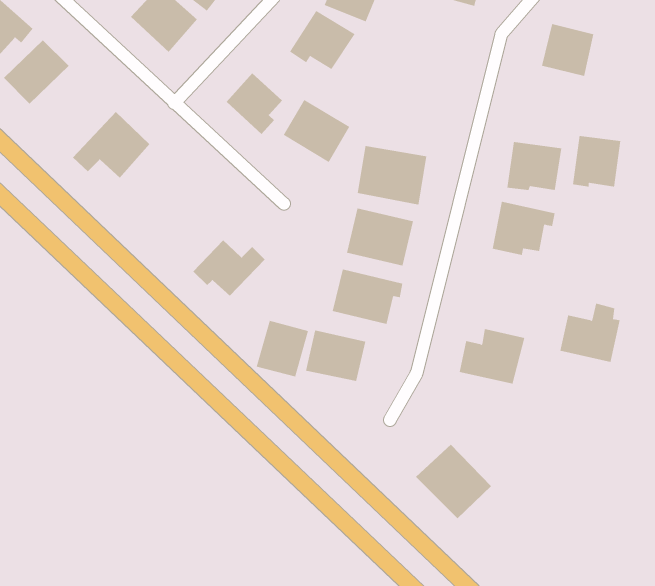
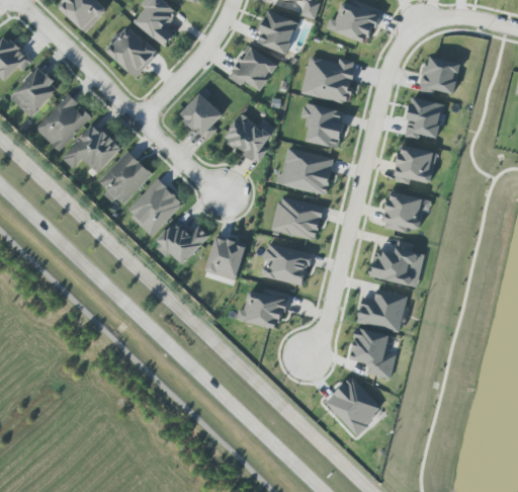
building: none -> [303,56,355,101]
building: none -> [35,92,91,150]
building: none -> [301,101,344,147]
building: [572,135,621,187] -> [406,97,443,137]
building: none -> [98,149,152,206]
building: none -> [126,178,182,235]
building: [560,303,621,363] -> [370,239,417,284]
building: [256,320,309,377] -> [205,235,246,278]
building: none -> [349,326,396,378]

